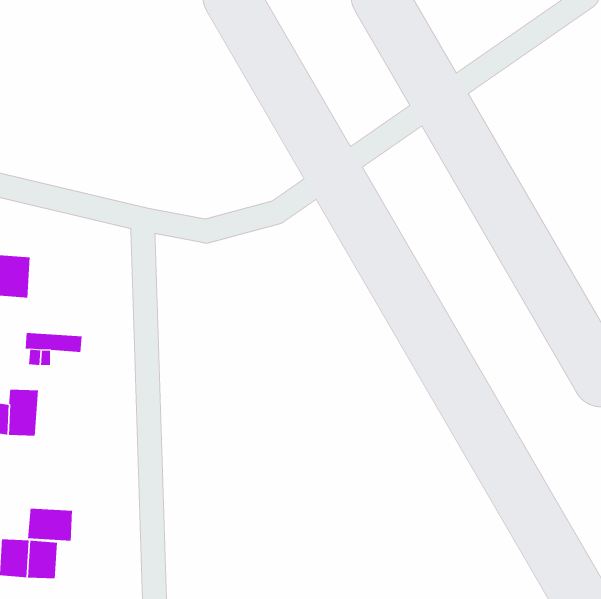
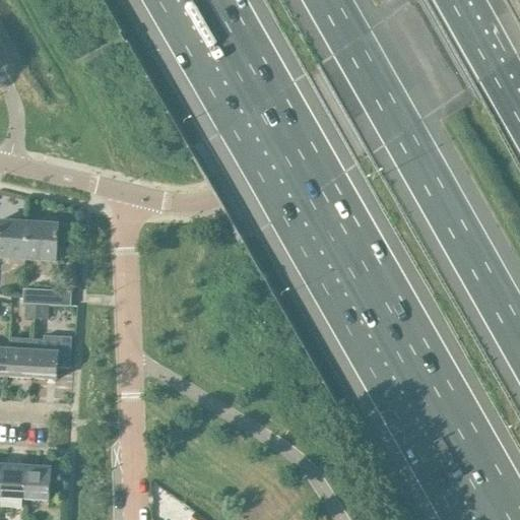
building: none -> [24,221,57,259]
building: none -> [30,333,70,378]
building: [28,508,72,542] -> none

